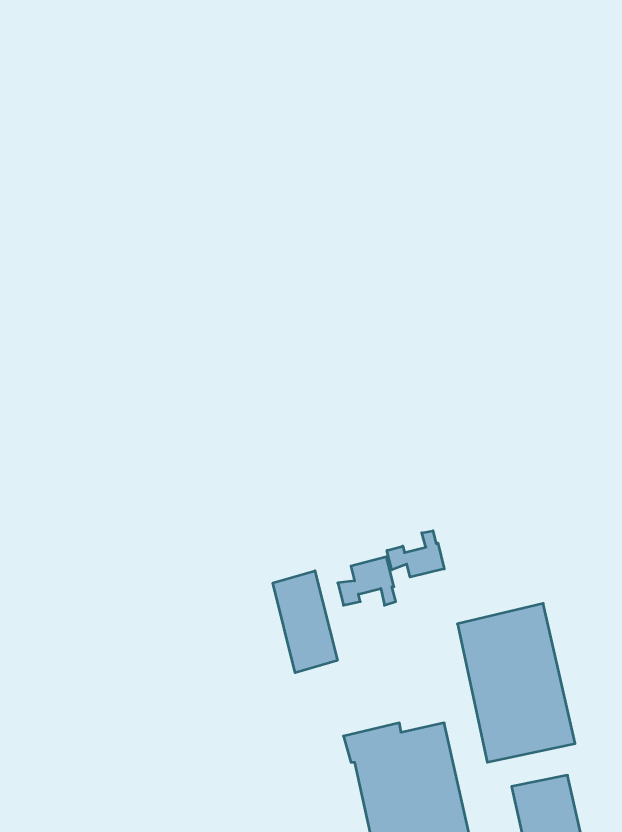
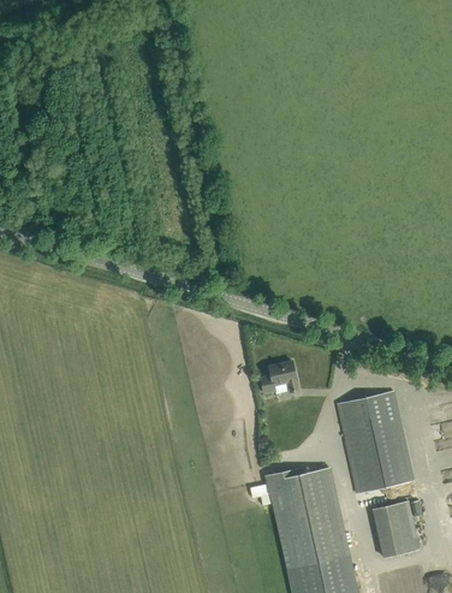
building: [387,531,444,577] -> none
building: [273,571,337,673] -> none

